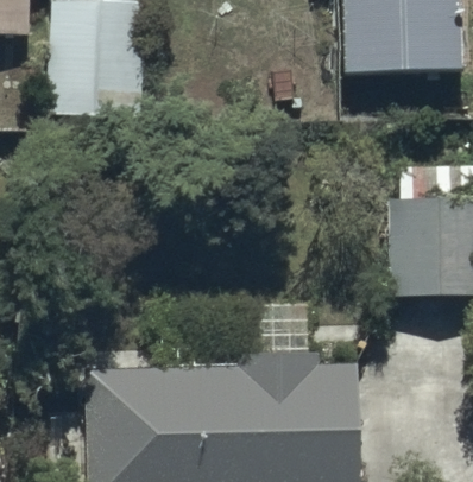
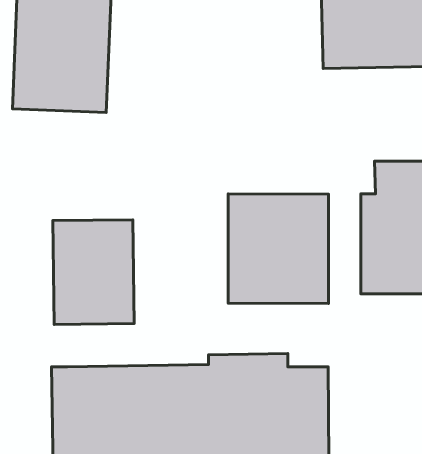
building: none -> [228,194,328,303]
building: none -> [53,220,134,325]

